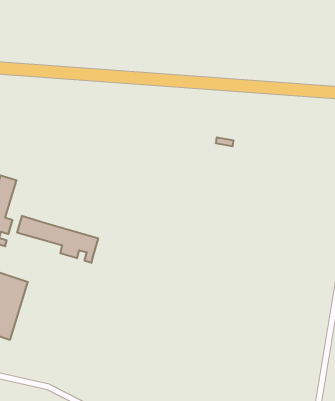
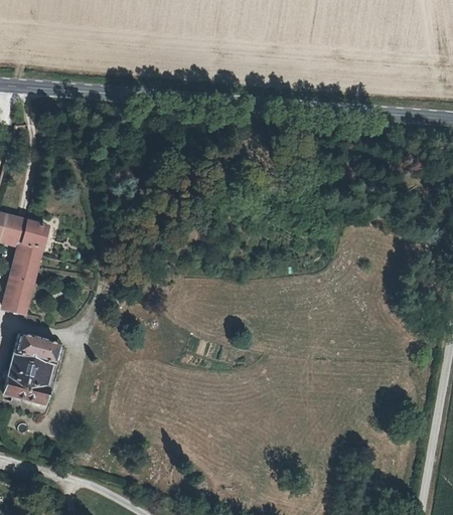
building: [17,216,98,263] -> none

